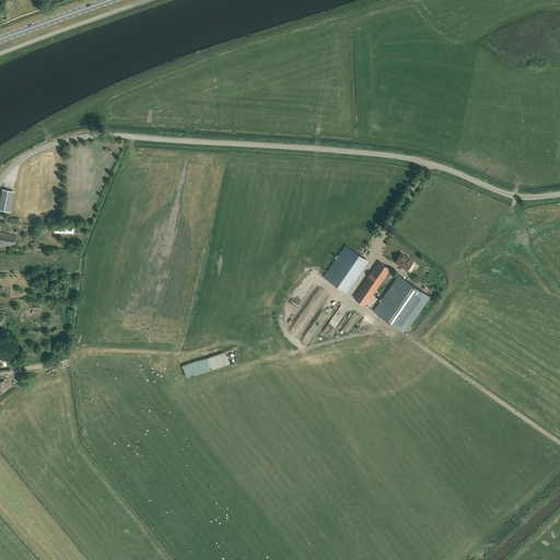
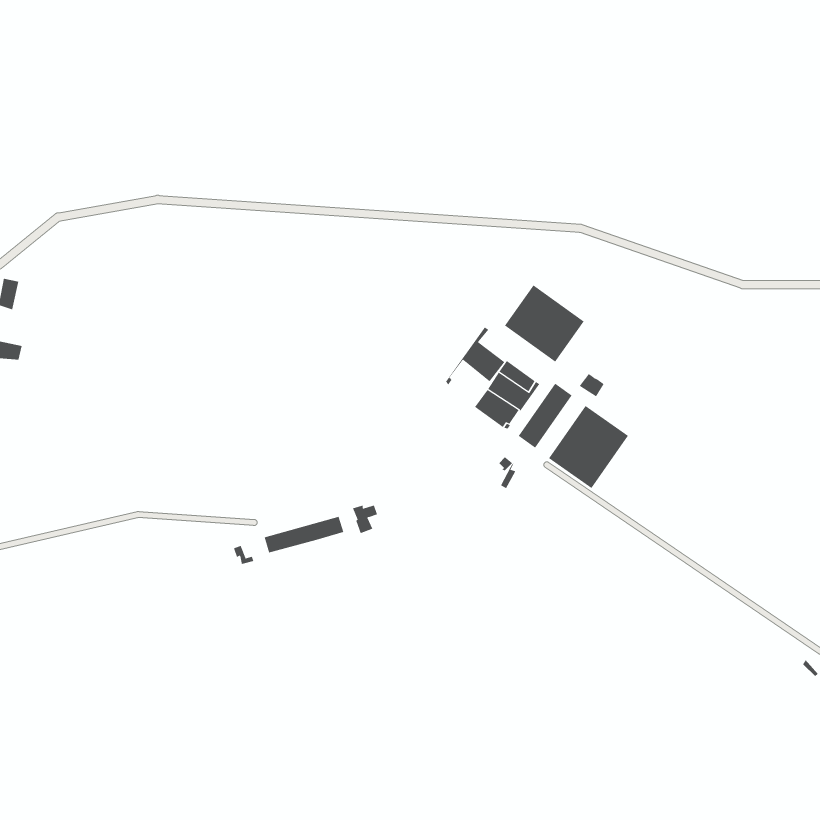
building: none -> [504,285,585,362]
building: none -> [446,326,505,386]

